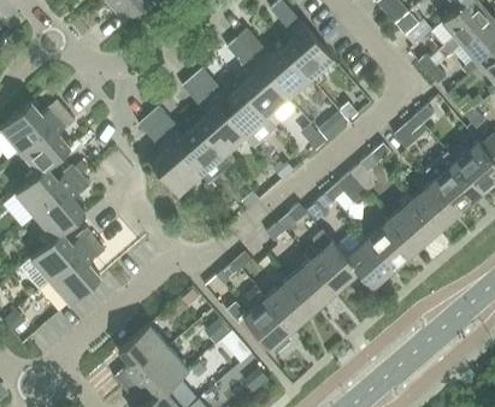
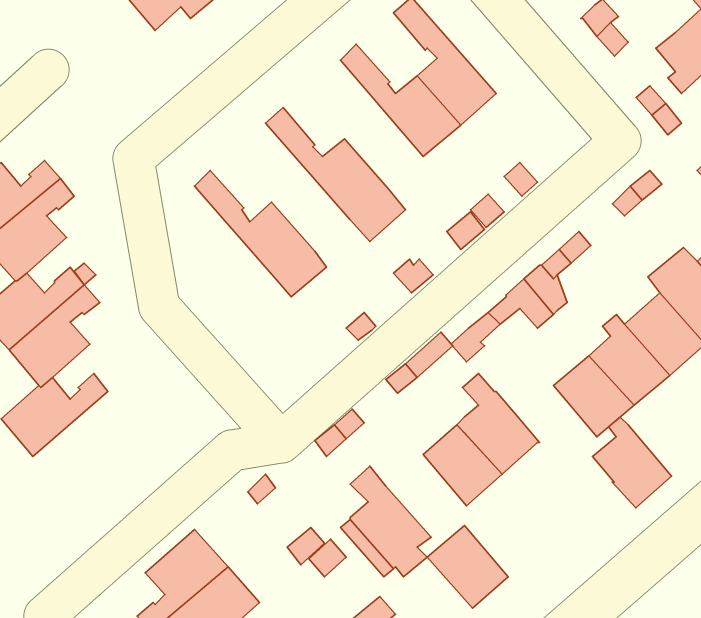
building: [226,39,288,117] -> none
building: [182,77,243,155] -> none
building: [137,116,200,194] -> none
building: [346,232,394,288] -> [593,417,671,508]
building: [49,241,105,303] -> none
building: [265,279,314,330] -> [427,525,508,608]

